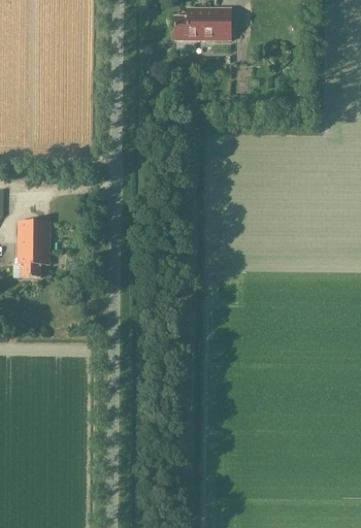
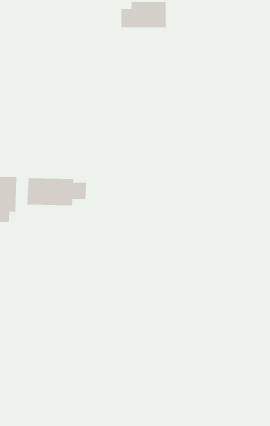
building: none -> [27,178,87,206]

